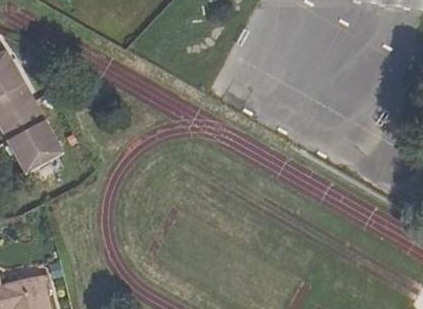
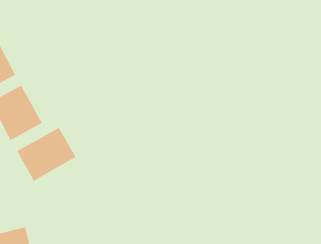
building: none -> [16,127,76,182]

